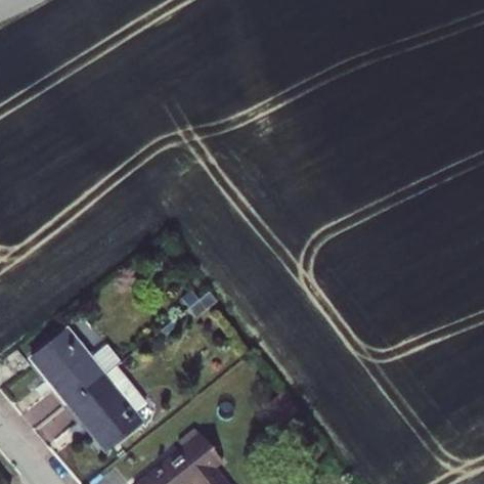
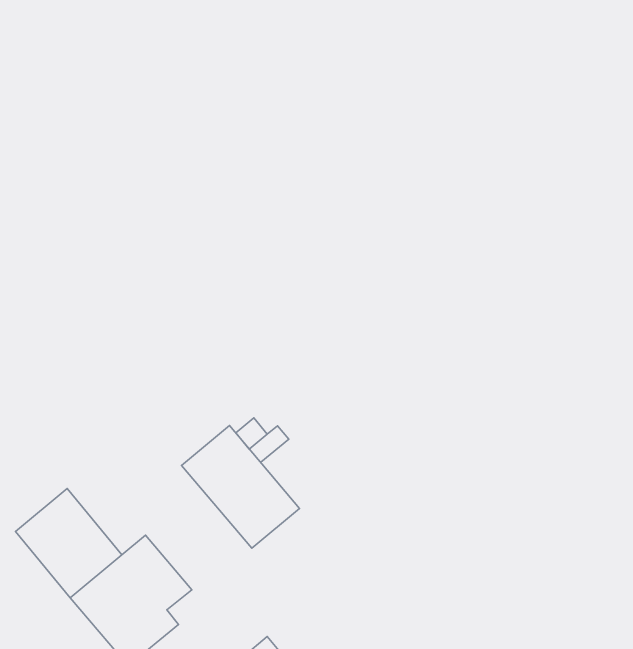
building: none -> [182,426,300,548]

